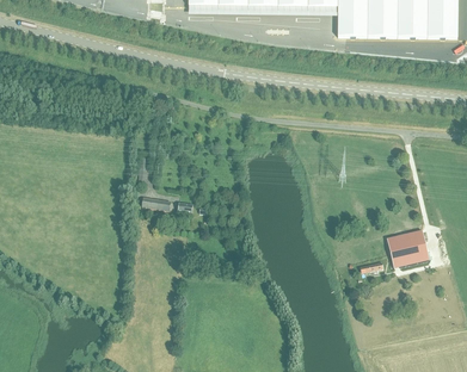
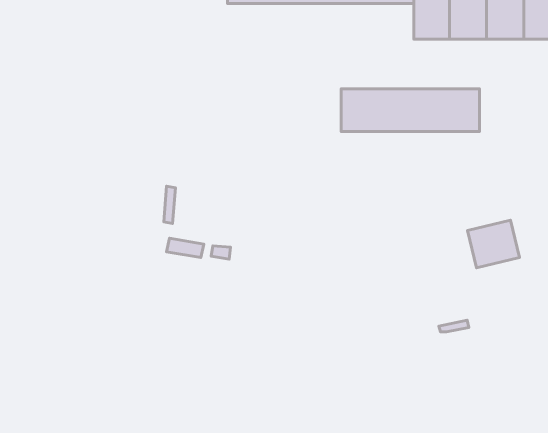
building: none -> [341,89,479,131]
building: [387,229,429,267] -> [467,220,520,268]

